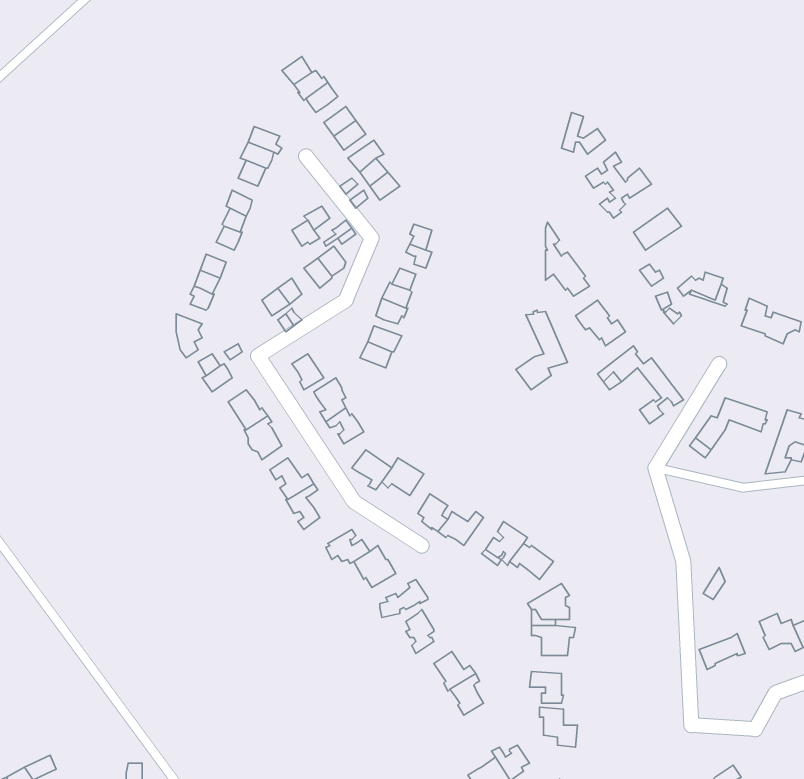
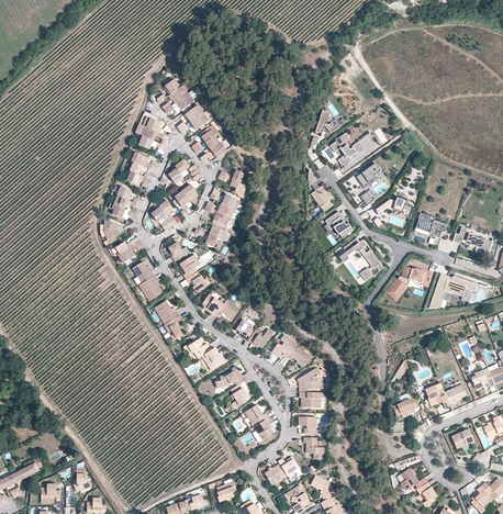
building: [516,310,567,390] -> none

